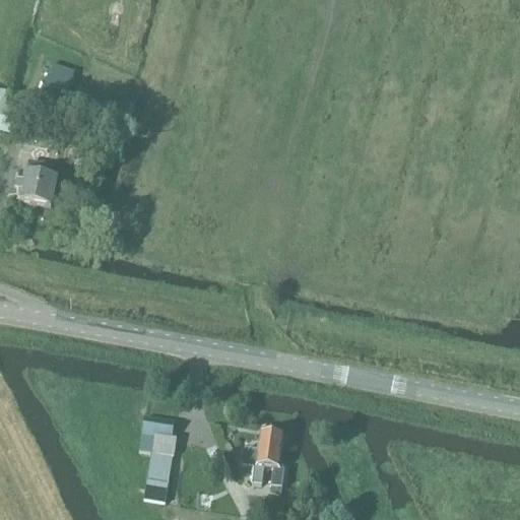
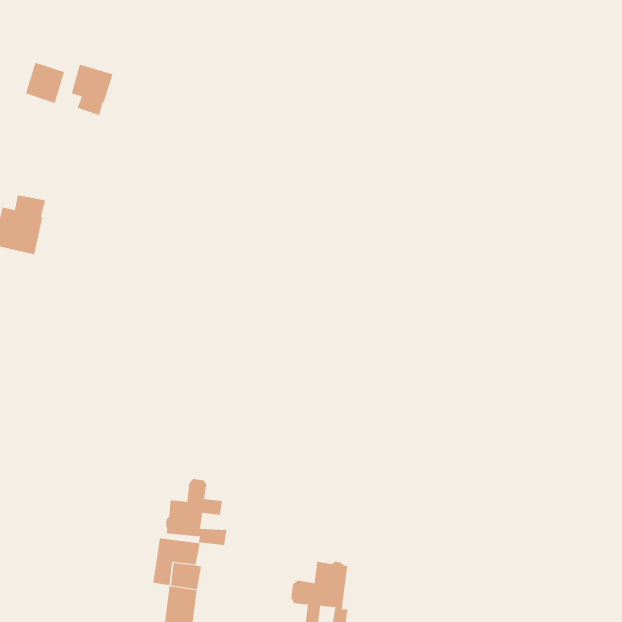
building: none -> [71,64,113,116]
building: none -> [166,478,227,546]

